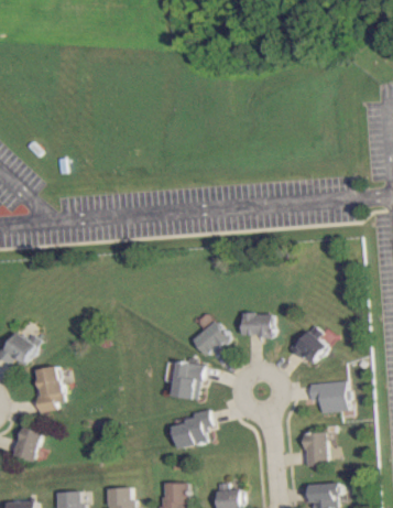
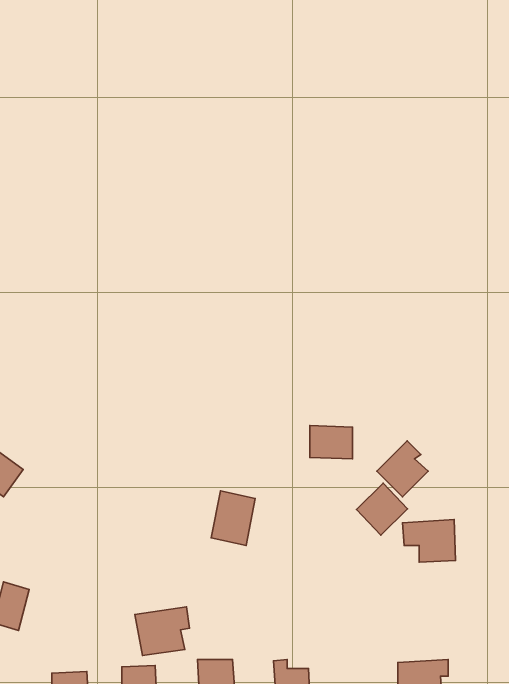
building: [193,321,230,357] -> none
building: none -> [357,483,407,535]
building: [33,366,61,412] -> none
building: [171,412,210,447] -> [135,607,189,656]
building: [306,432,330,466] -> none

